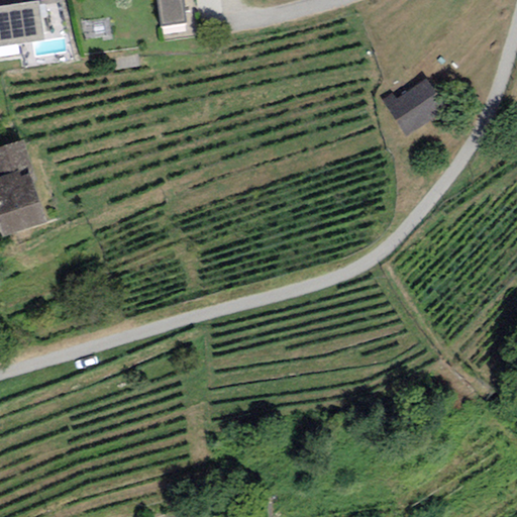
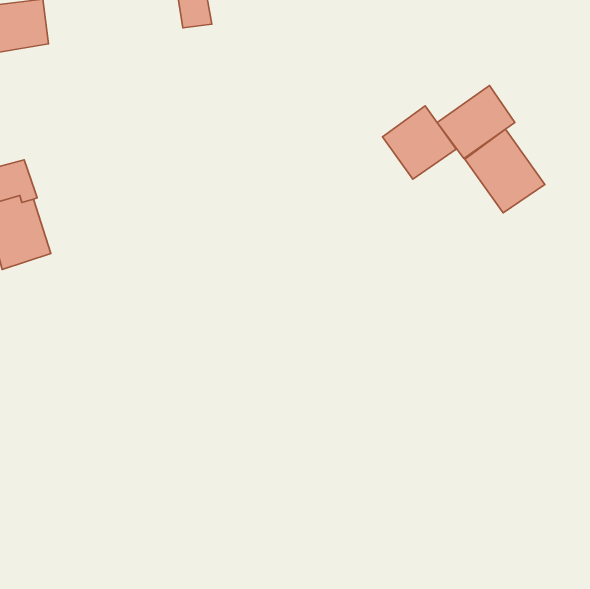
building: none -> [382,106,456,179]
building: none -> [465,129,545,213]

